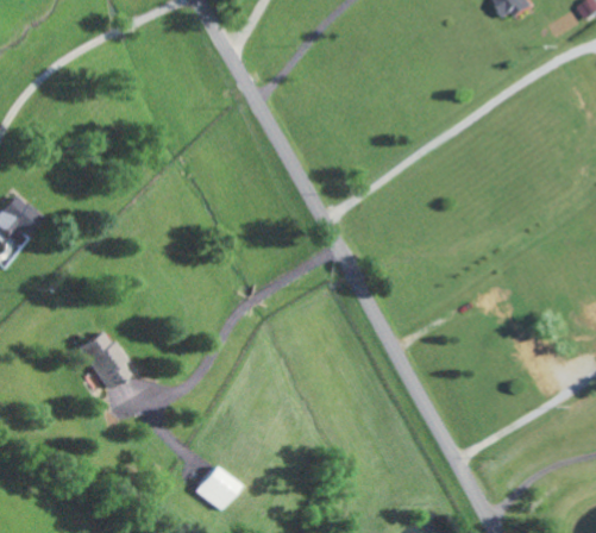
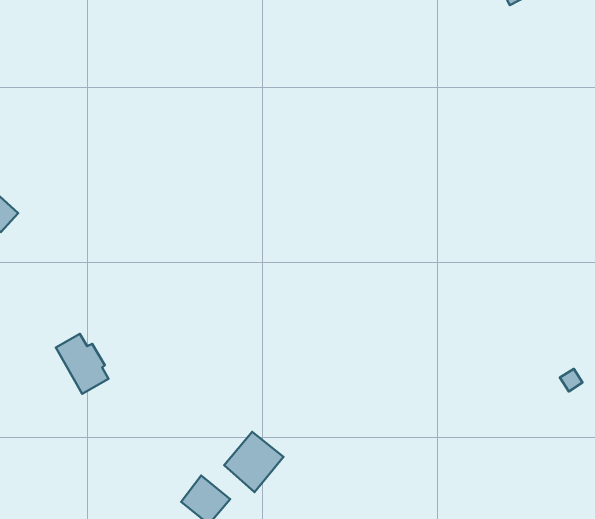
building: none -> [224,432,283,492]

